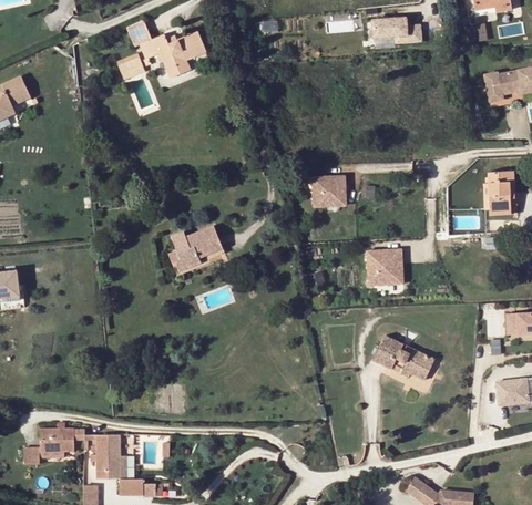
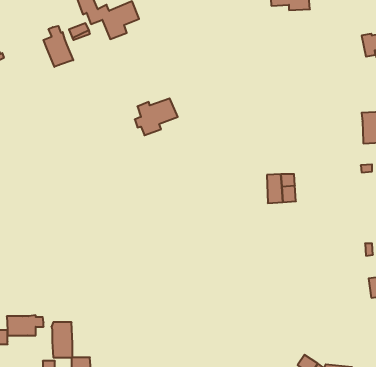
building: none -> [43,26,73,67]
building: [313,176,346,205] -> none
building: [166,227,221,274] -> [135,98,178,135]
building: [372,334,434,380] -> none

